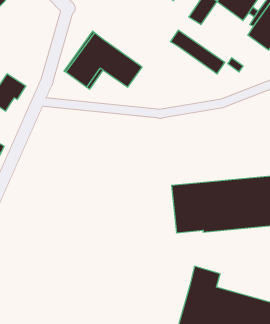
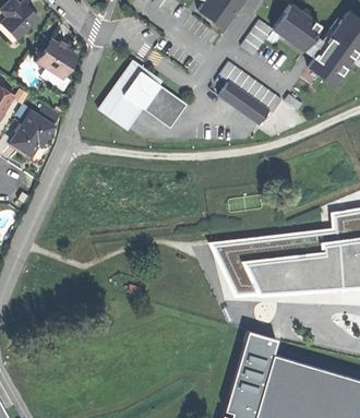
building: none -> [38,40,77,79]
building: none -> [219,81,269,124]

